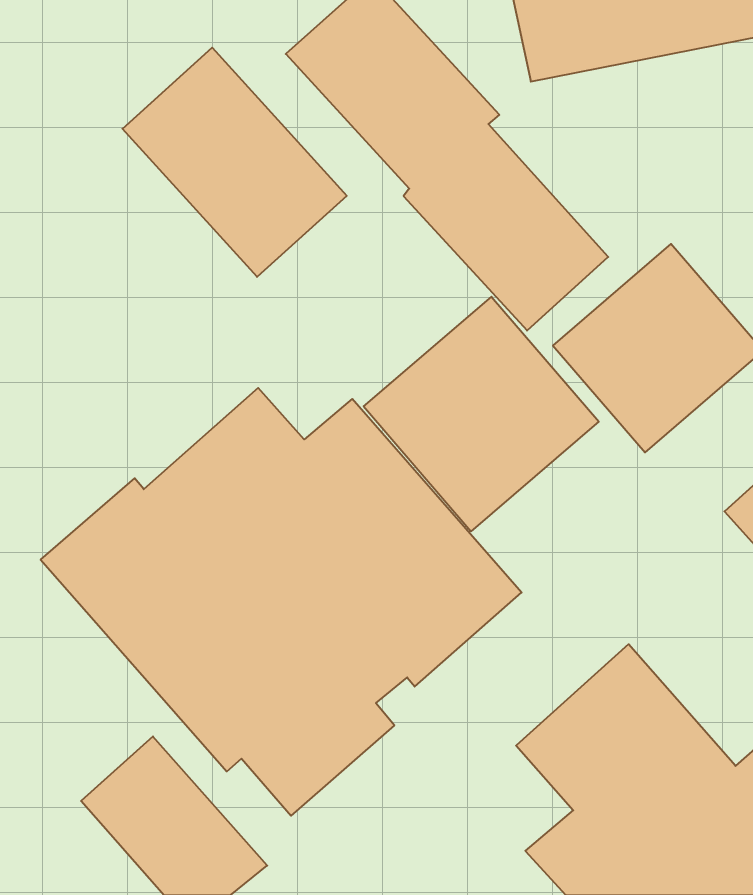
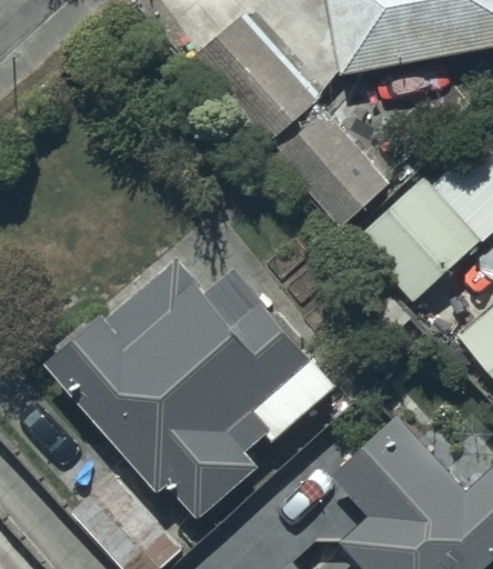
building: [122,48,347,277] -> none
building: [364,297,599,531] -> none

